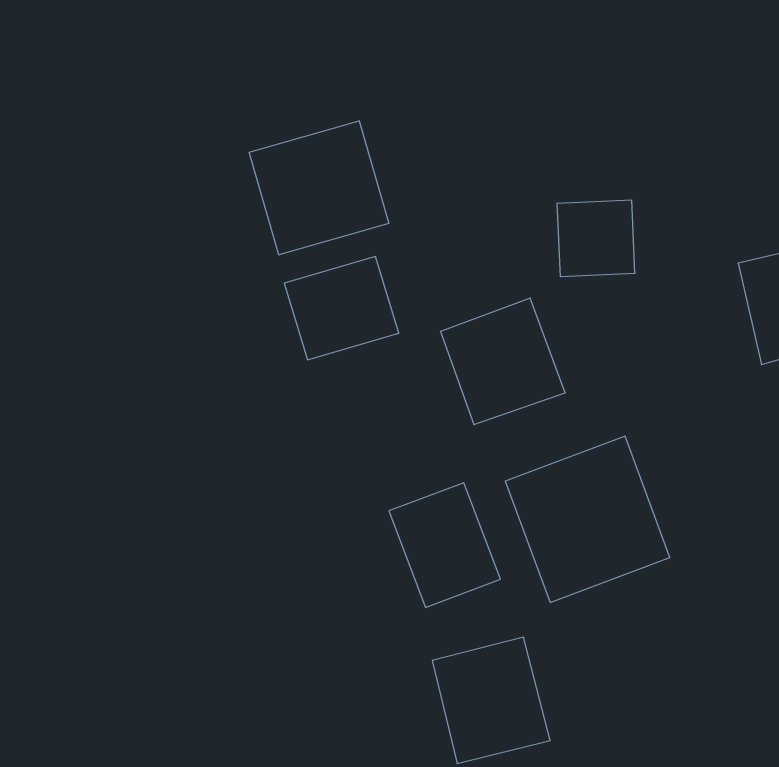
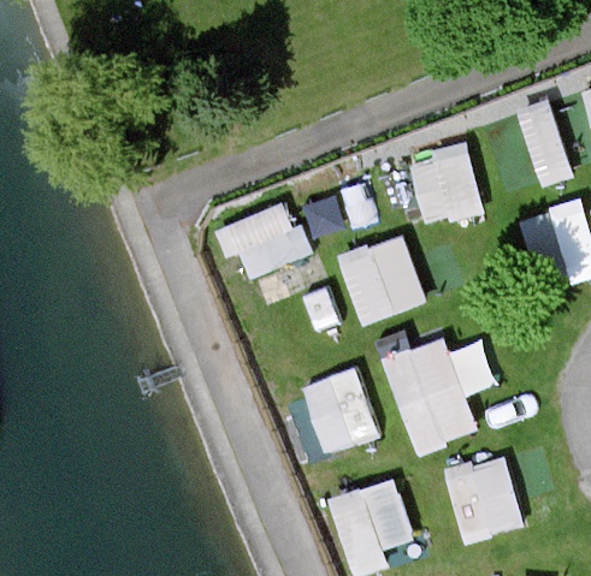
building: [249,121,389,255] -> none
building: none -> [443,455,522,541]

